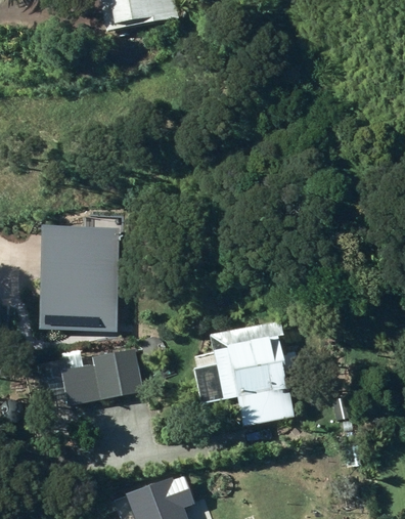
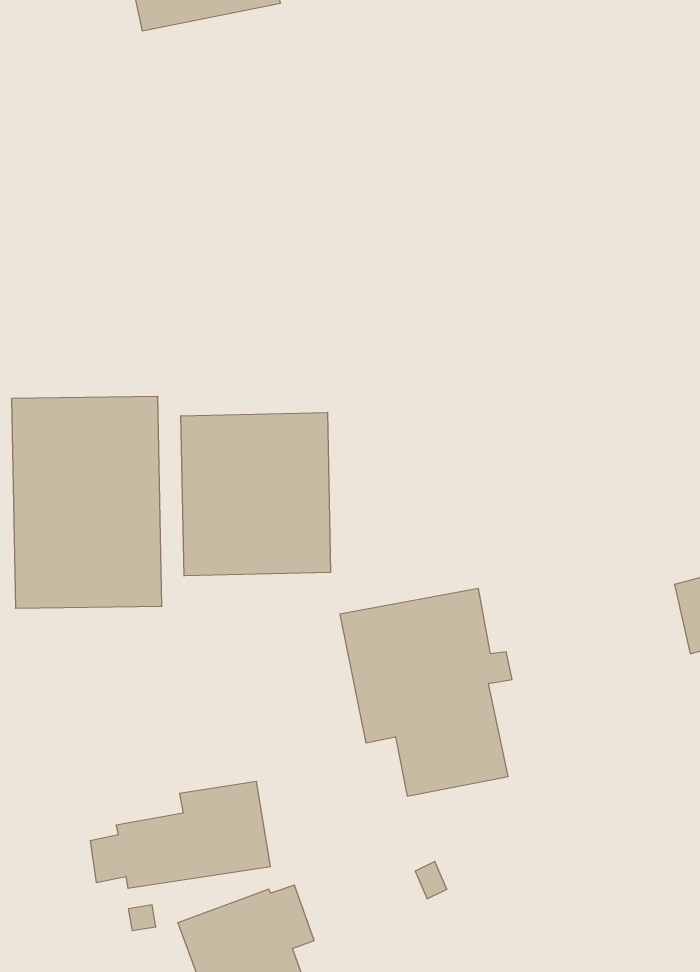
building: none -> [181,412,331,576]
building: [47,349,140,404] -> [90,781,270,888]

